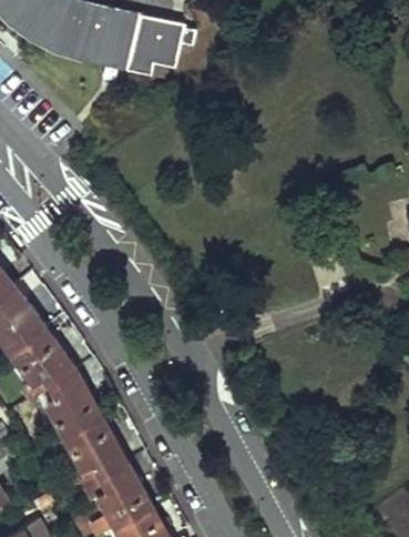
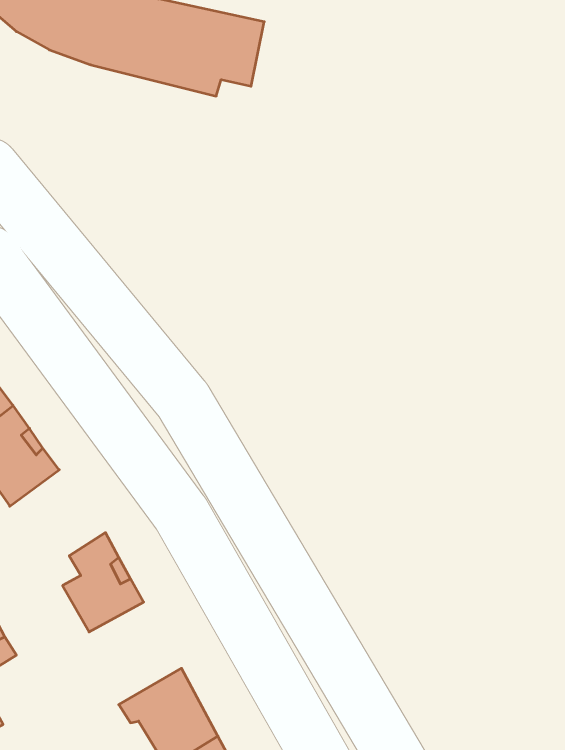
building: [13,330,78,396] -> none
building: [67,418,129,487] -> none

